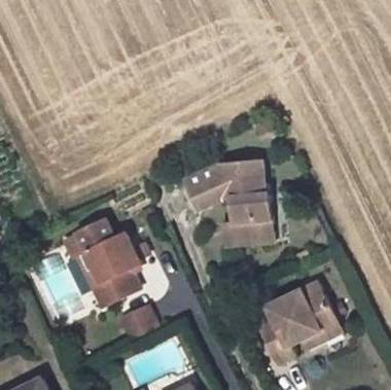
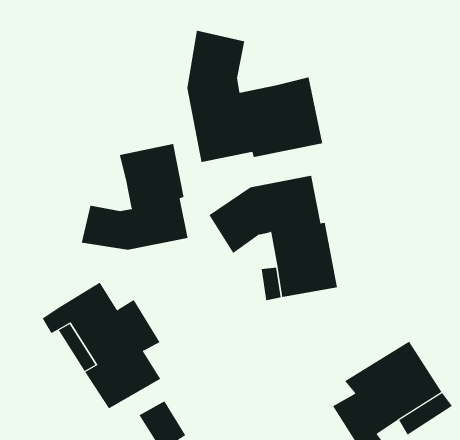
building: none -> [187,30,323,163]
building: none -> [81,143,188,250]

